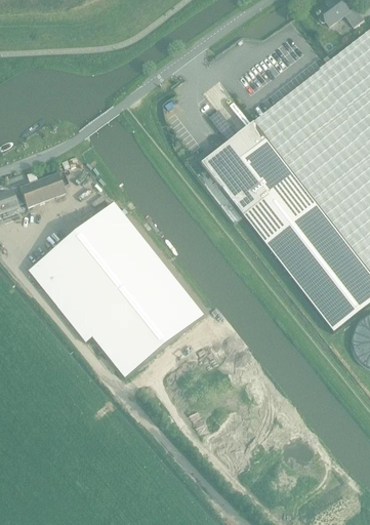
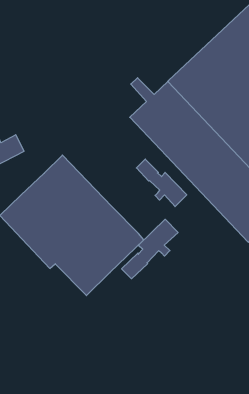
building: none -> [136,159,187,207]
building: none -> [122,219,178,279]

